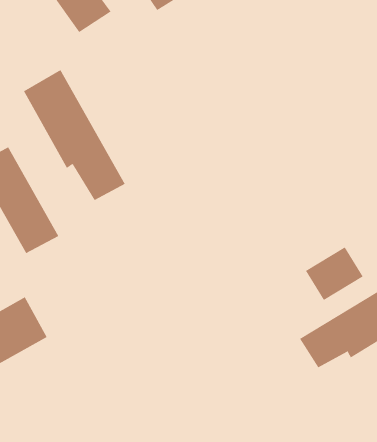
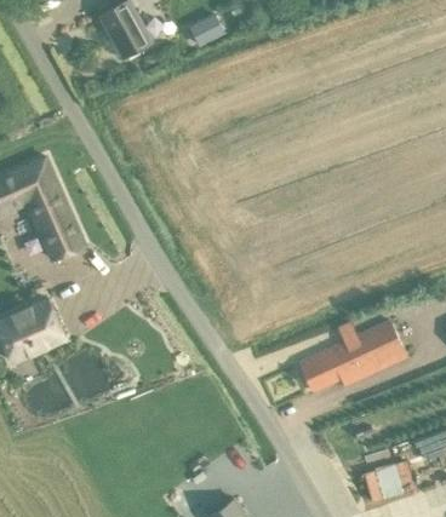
building: [23,69,126,201] -> none
building: [305,246,364,301] -> none

